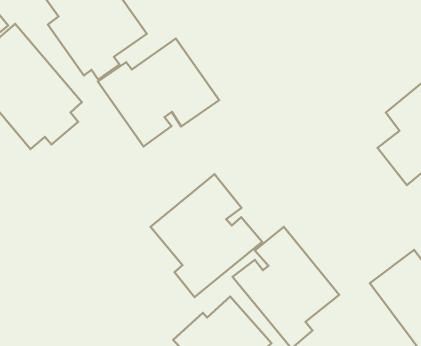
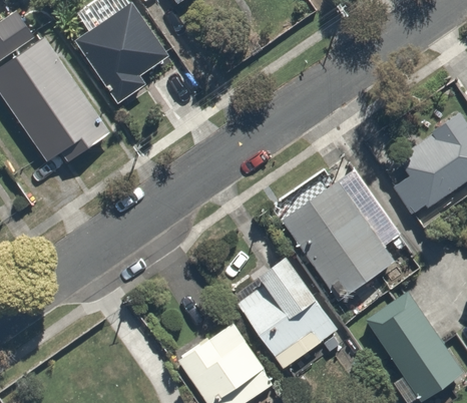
building: [98,39,219,147] -> none
building: none -> [281,169,407,297]
building: [151,174,262,297] -> none

